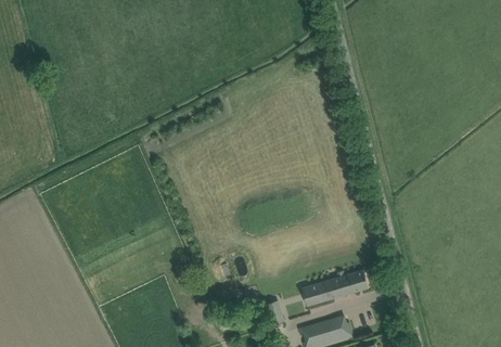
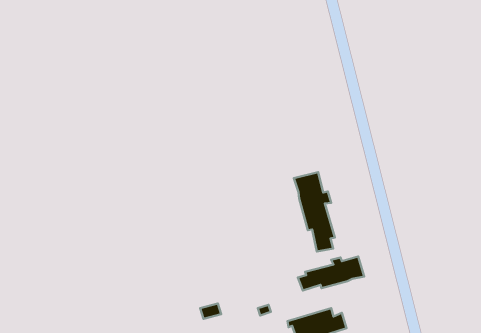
building: none -> [294,172,335,252]

